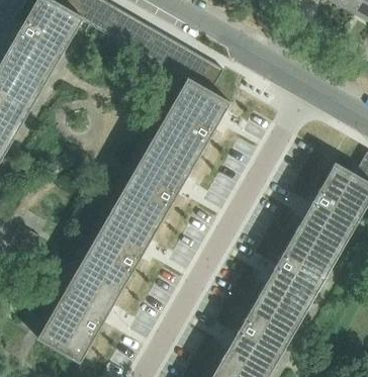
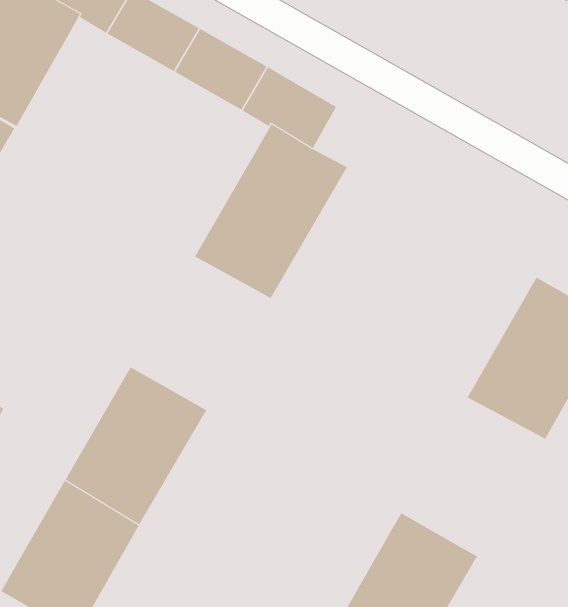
building: [109,153,187,238] -> none
building: [260,230,339,318] -> none

